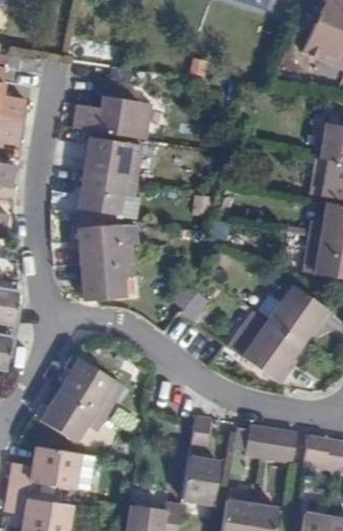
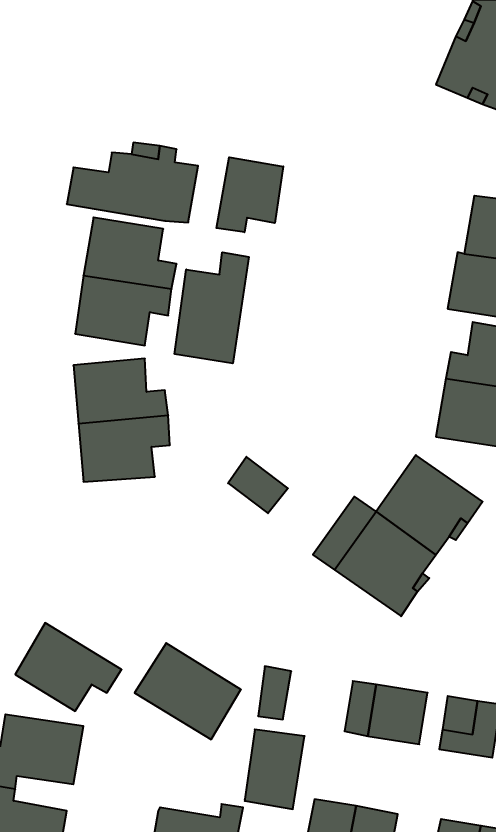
building: none -> [216,157,283,232]
building: none -> [175,252,249,363]
building: [59,358,125,418] -> [135,643,241,739]

